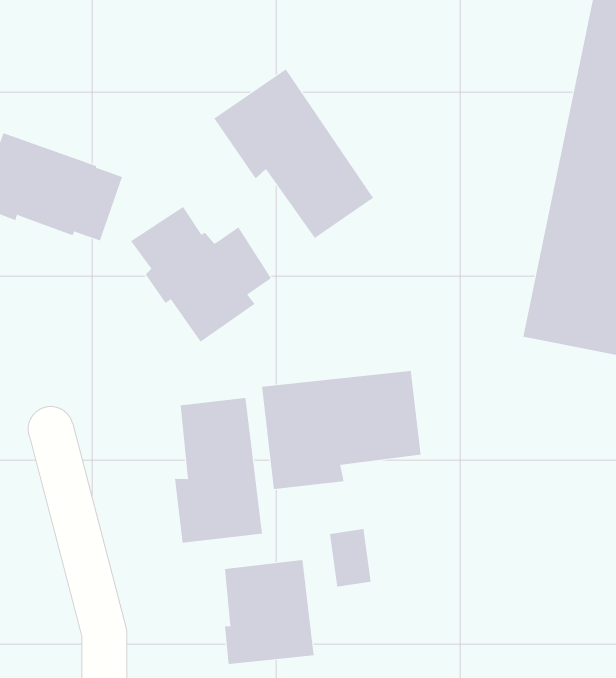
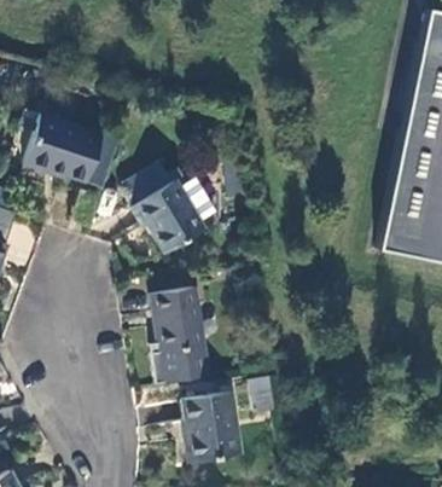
building: [214,68,374,239] -> none
building: [261,370,421,490] -> none

